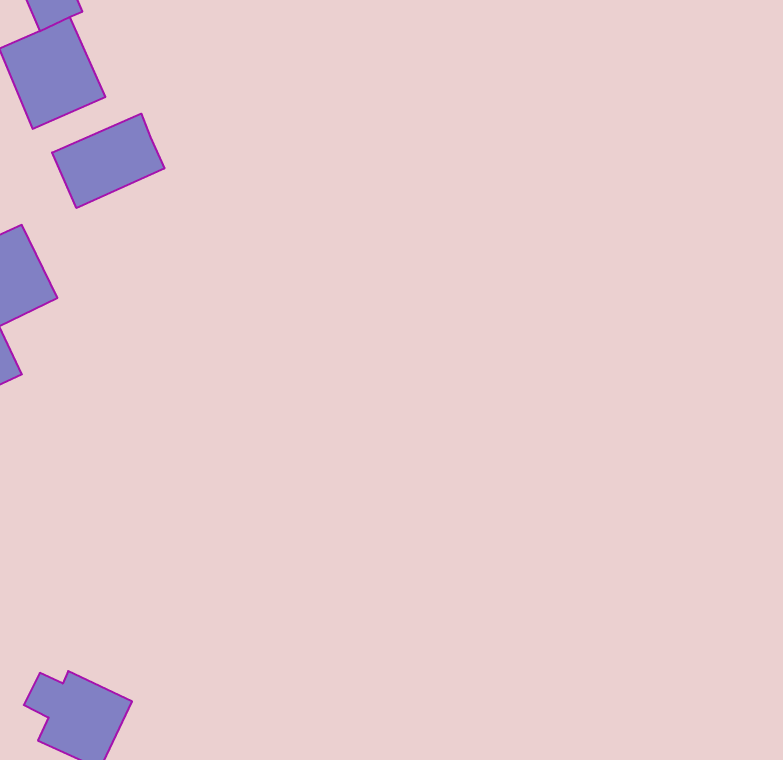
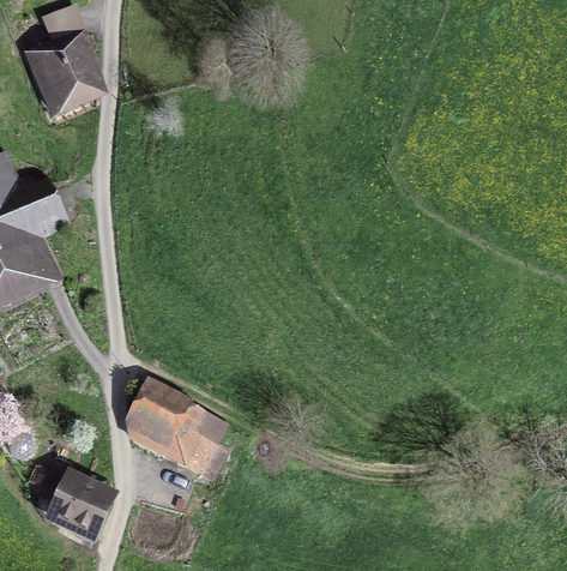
building: [52,114,164,208] -> none
building: none -> [131,389,228,480]

